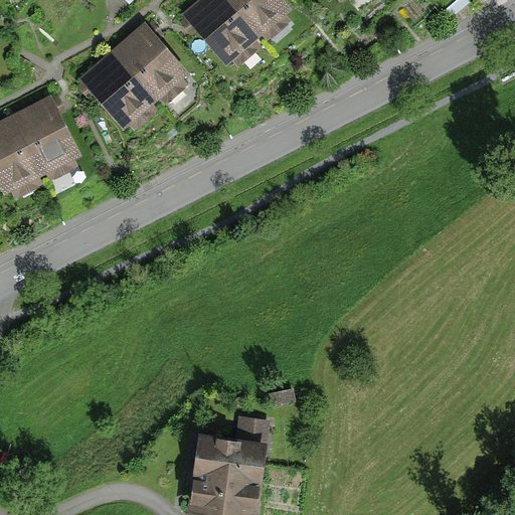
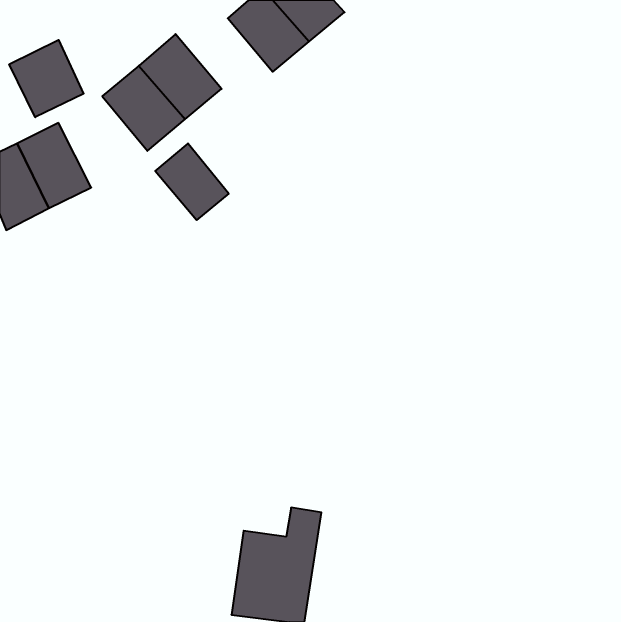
building: none -> [9,40,84,117]
building: none -> [155,143,229,220]

